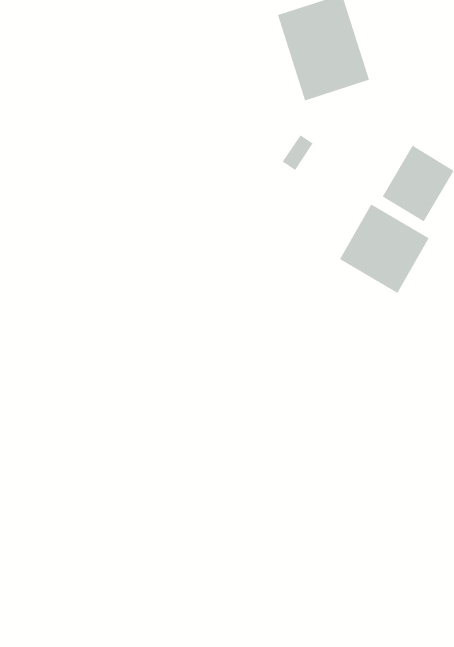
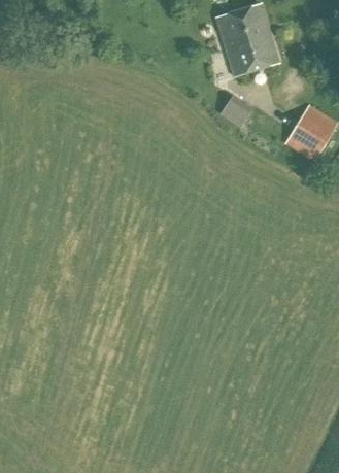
building: [339,203,429,294] -> none

